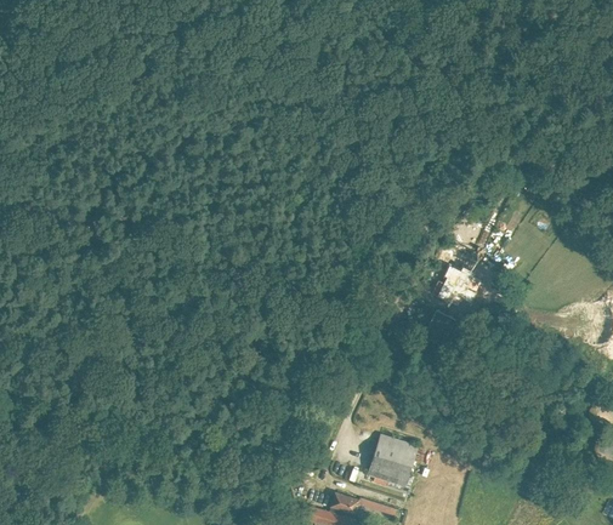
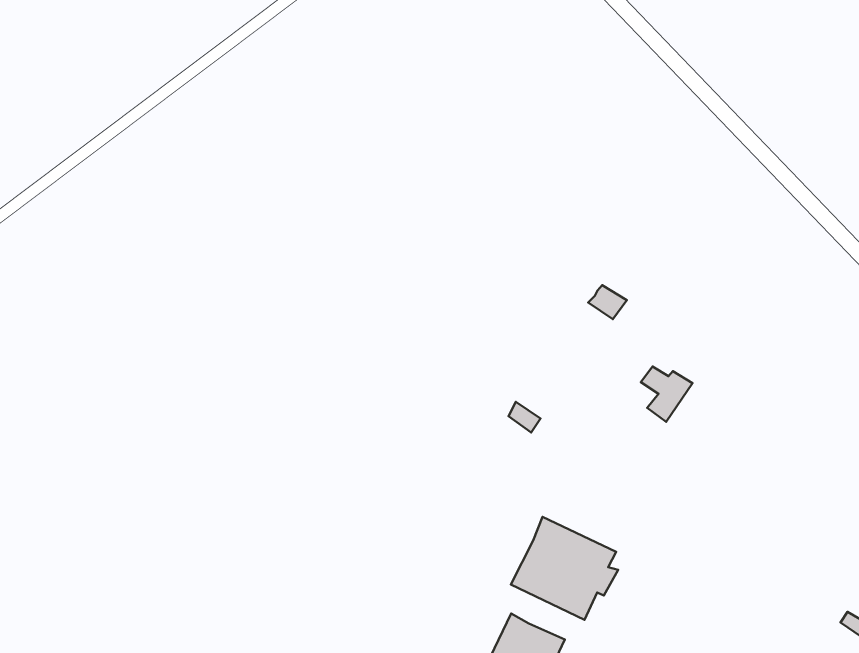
building: none -> [511,517,618,620]

